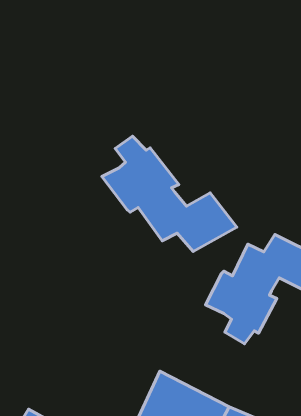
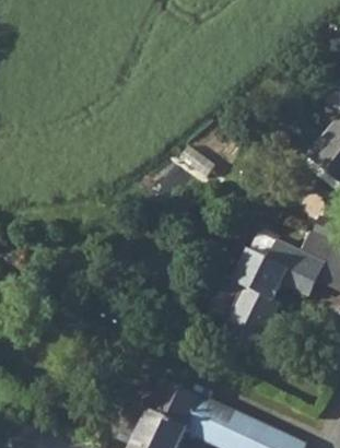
building: [102,136,237,251] -> none

